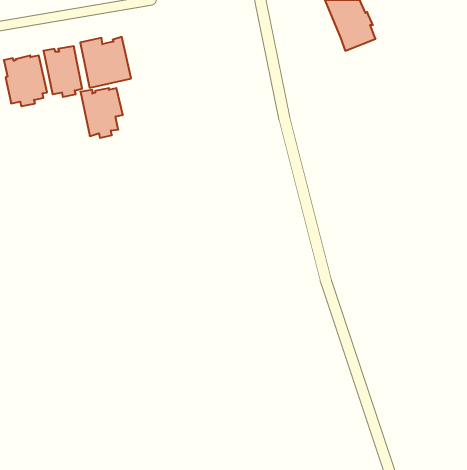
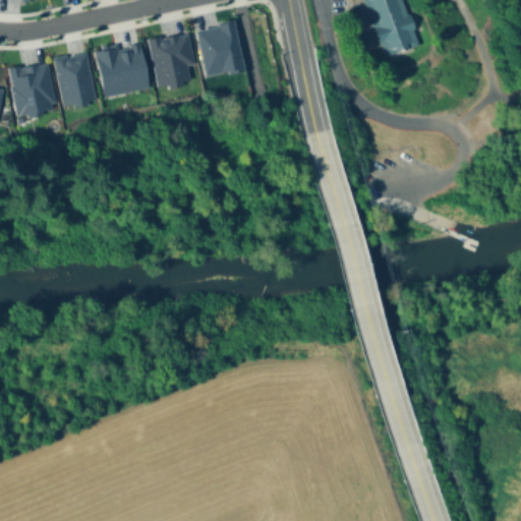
building: none -> [196,21,245,76]
building: [80,88,123,138] -> [148,35,194,90]

